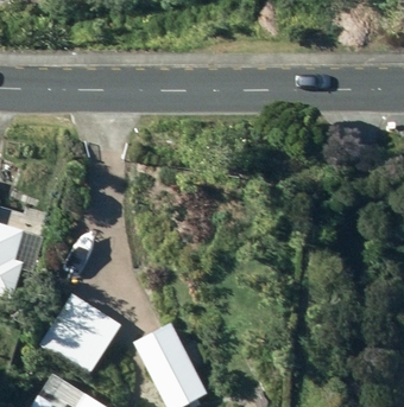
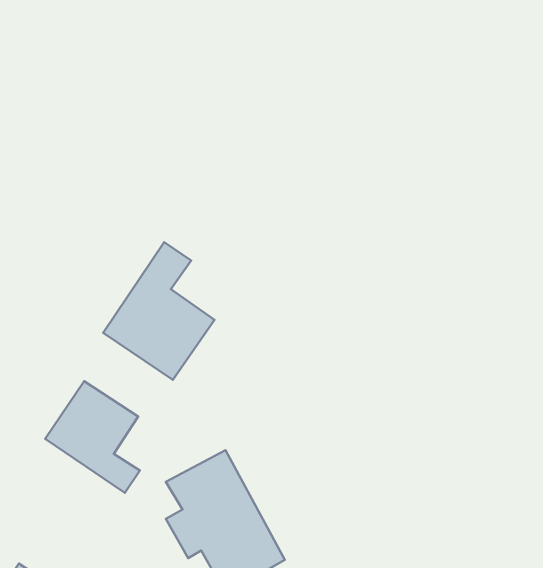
building: none -> [103,242,215,380]

